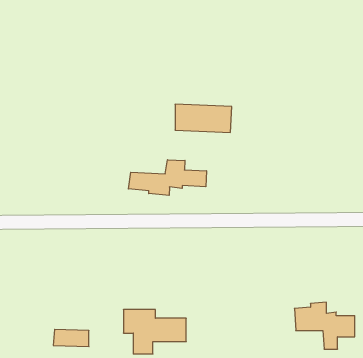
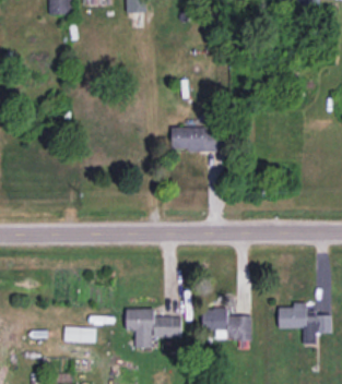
building: [128,160,206,195] -> none
building: none -> [202,308,251,338]

